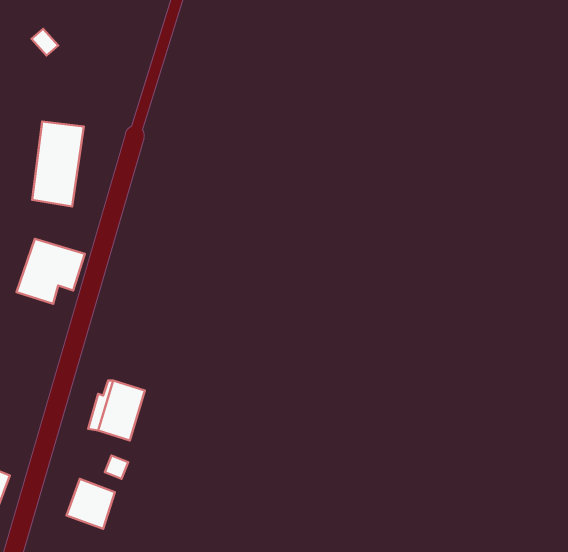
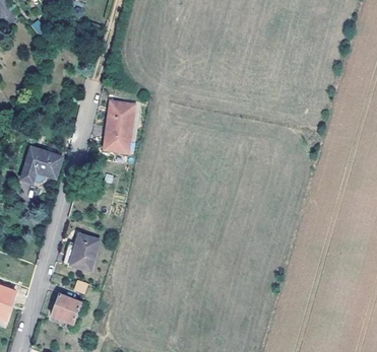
building: [32,122,84,207] -> [104,101,135,153]

